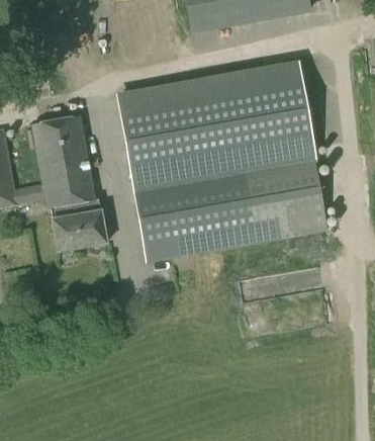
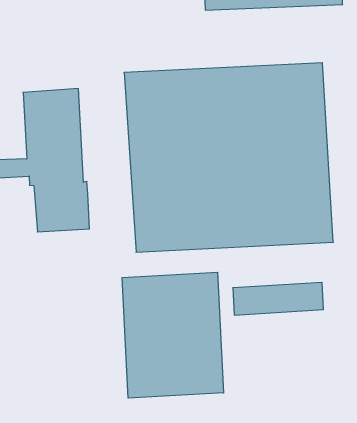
building: none -> [122,272,224,398]

